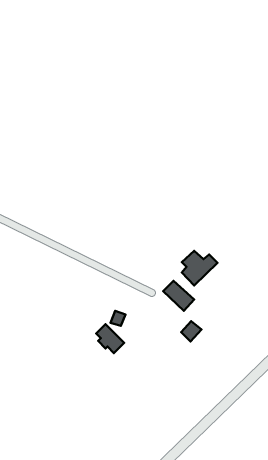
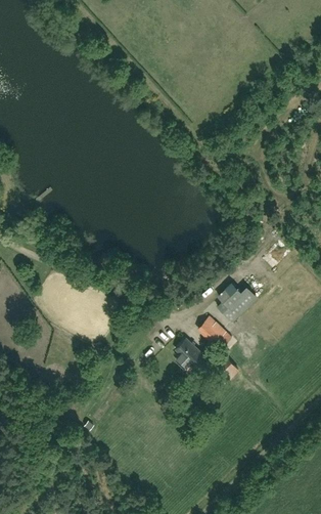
building: [96,324,124,353] -> [176,338,207,370]

